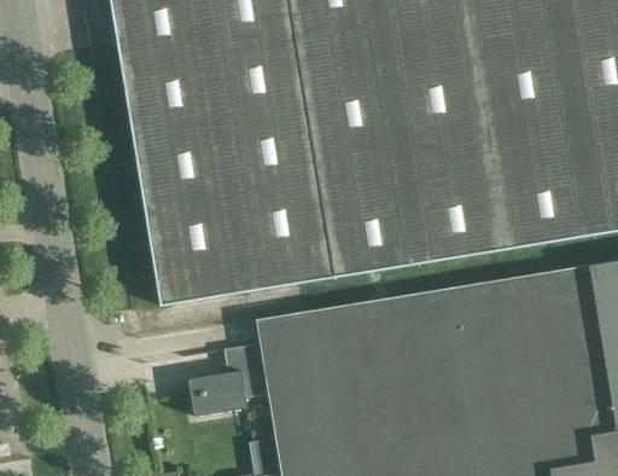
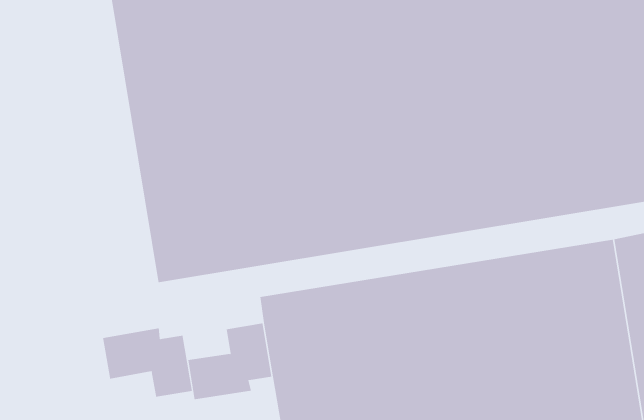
building: none -> [103,327,192,397]

